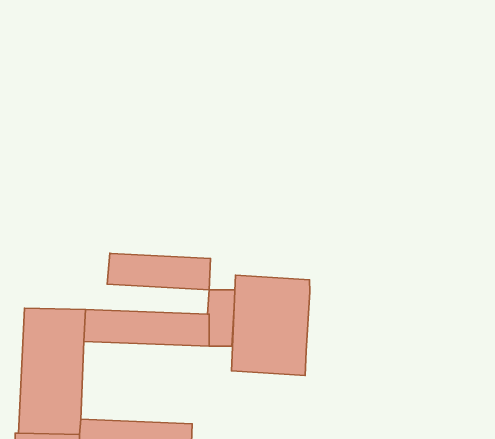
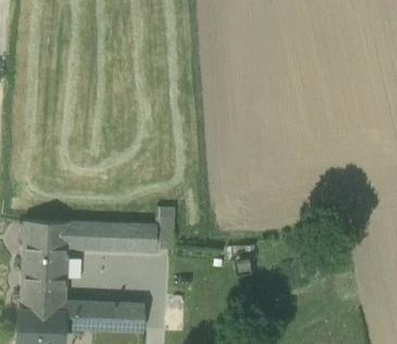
building: [107,253,210,290] -> none
building: [232,275,310,376] -> none

